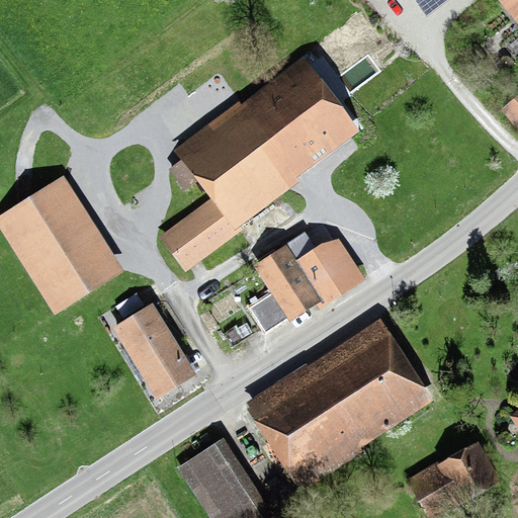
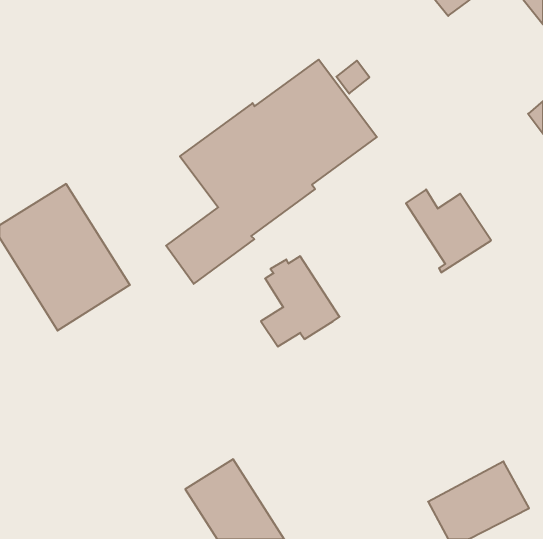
building: [285,231,366,310] -> [406,189,491,272]
building: [98,290,196,401] -> none
building: [242,319,433,495] -> none

